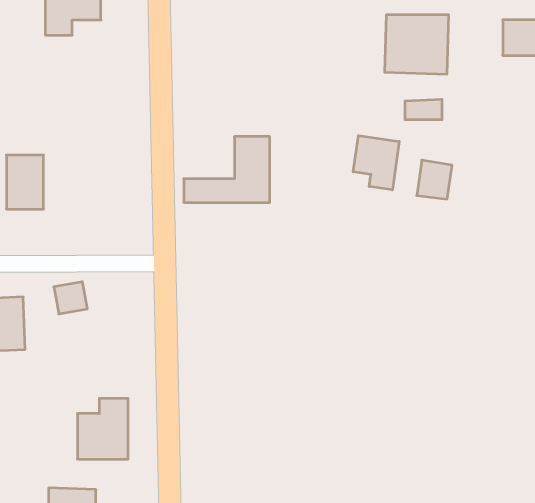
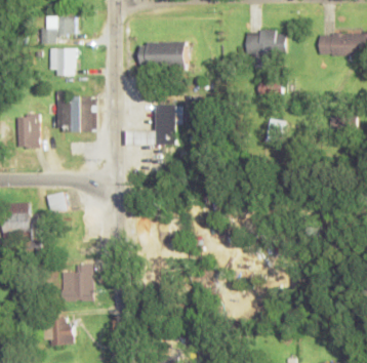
building: none -> [139,41,186,66]
building: none -> [49,48,75,75]
building: none -> [56,95,96,132]
building: [353,136,399,190] -> none

